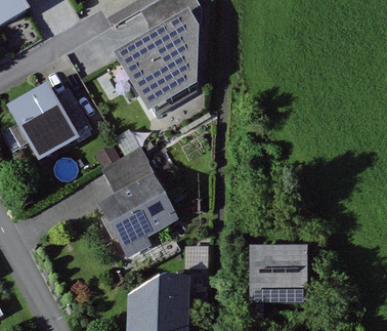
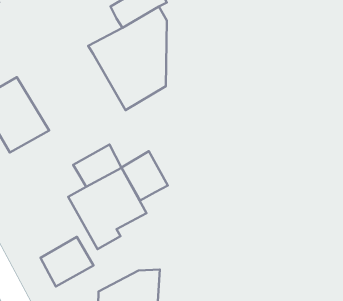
building: none -> [121,151,168,200]
building: none -> [41,237,94,287]
building: [246,245,307,302] -> none

